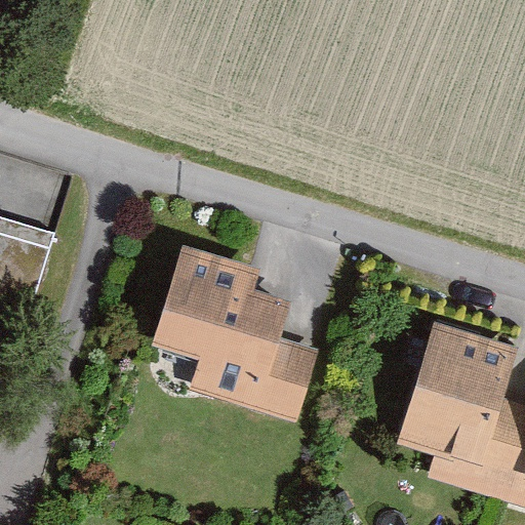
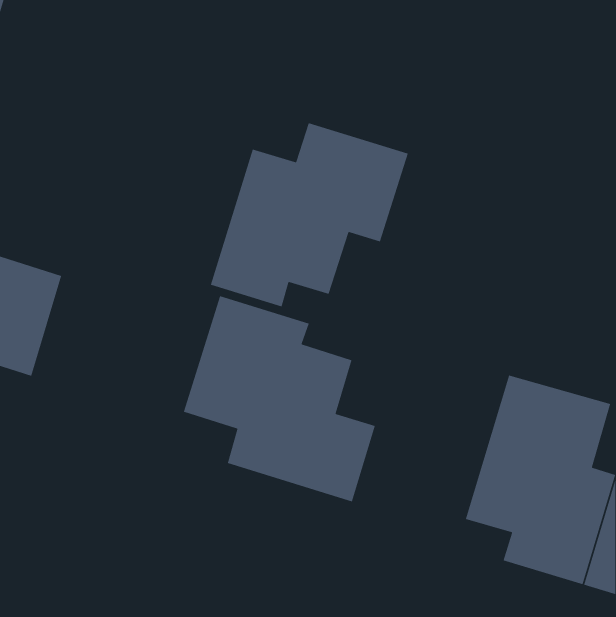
building: none -> [210,122,409,307]

